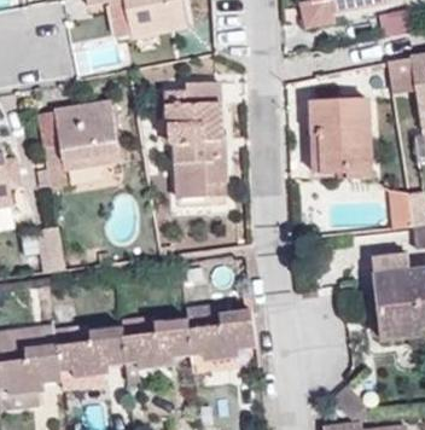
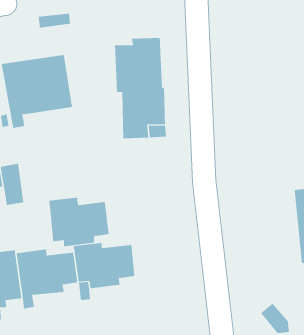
building: [312,99,371,179] -> none
building: [186,304,256,361] -> [48,197,110,247]

